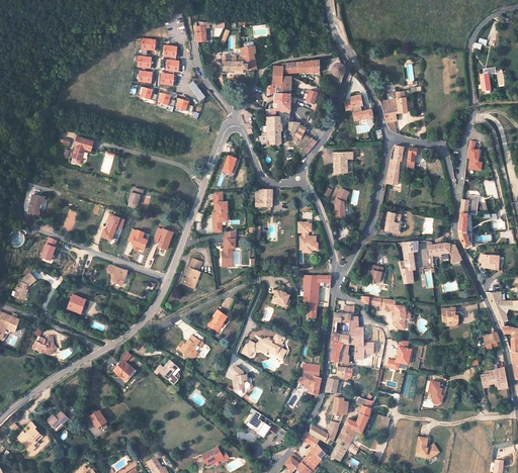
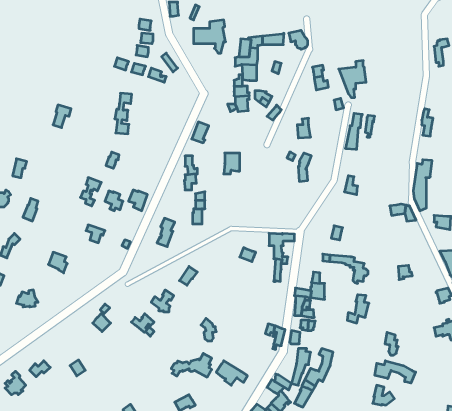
building: [138,38,156,82] -> [115,93,132,134]
building: [297,221,317,249] -> none
building: [402,241,417,282] -> none
building: [243,333,286,358] -> [171,353,212,377]
building: none -> [375,361,416,383]

